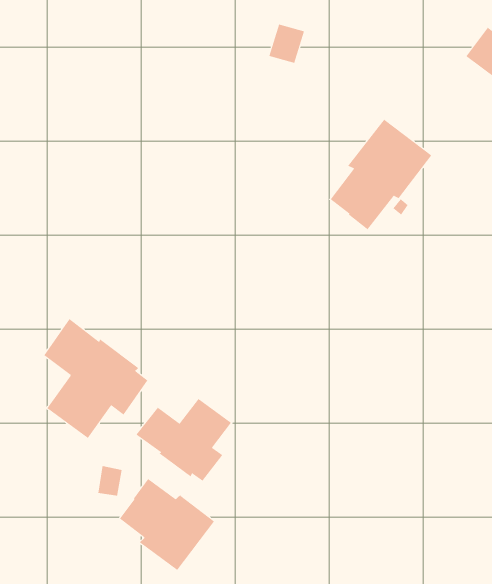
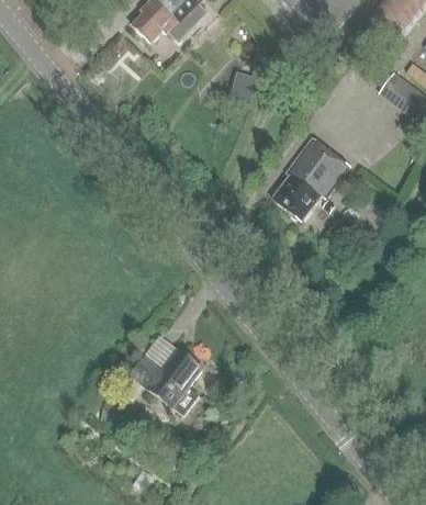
building: [43,318,148,439] -> none
building: [119,478,215,571] -> none

